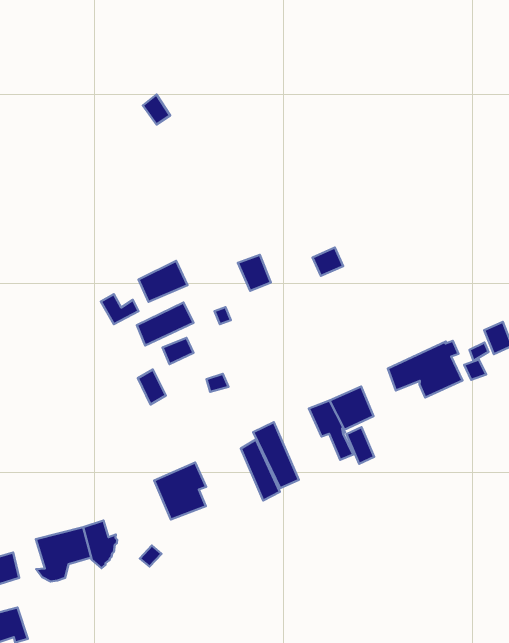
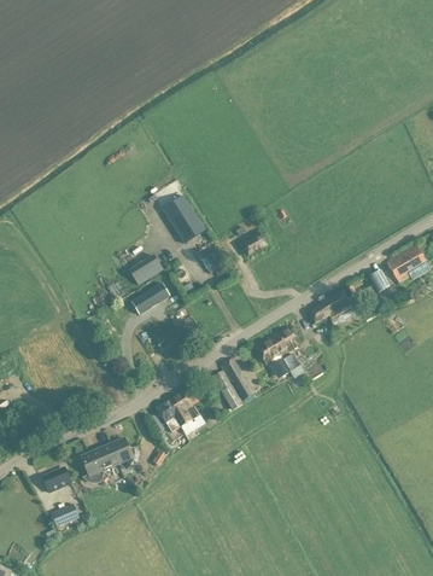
building: none -> [162,193,205,242]

